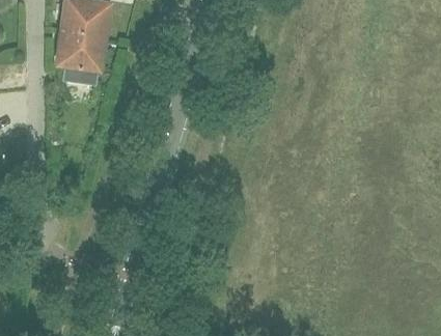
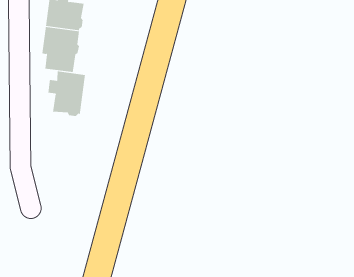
building: none -> [48,71,86,117]

